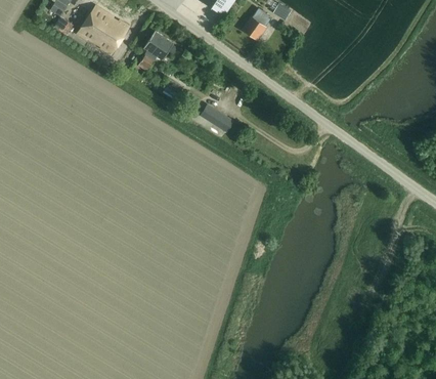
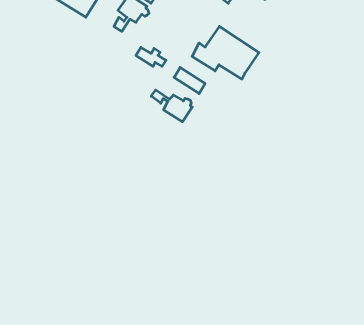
building: none -> [192,26,259,79]
building: none -> [151,90,192,122]

